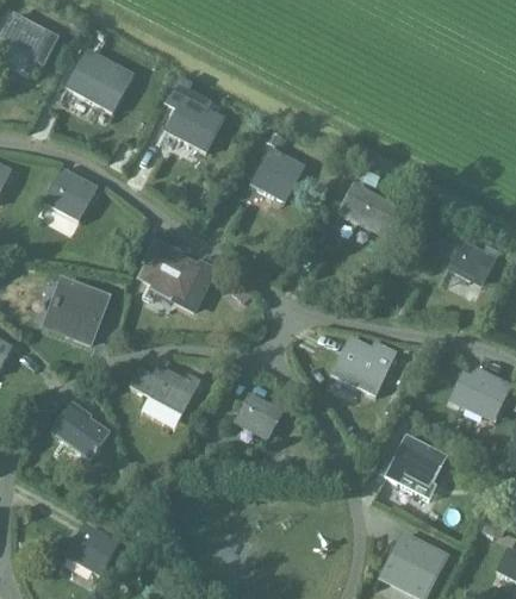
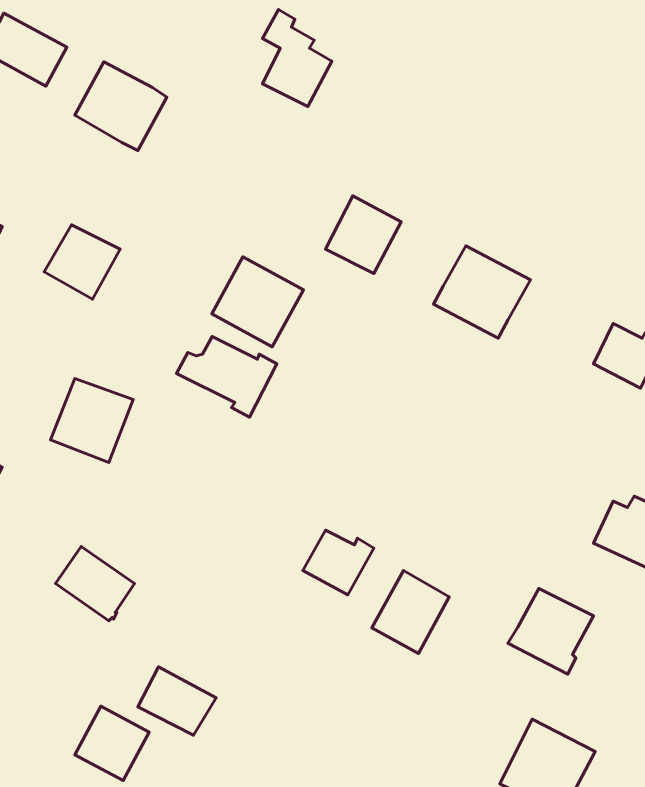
building: [164,76,216,148] -> [263,9,332,106]
building: none -> [212,257,303,347]
building: [330,336,396,397] -> none
building: [129,363,201,414] -> none
building: none -> [372,570,449,653]
building: none -> [138,667,216,735]

